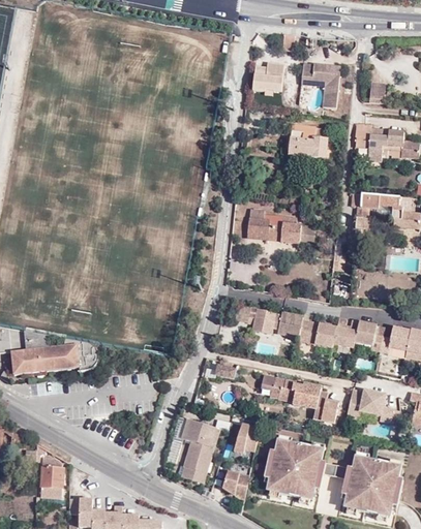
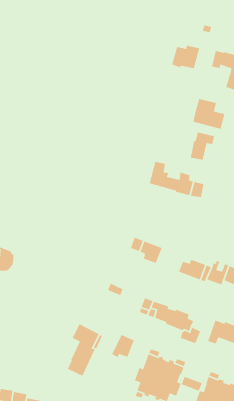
building: none -> [190,131,215,161]
building: [272,312,304,337] -> none
building: [222,471,248,499] -> none

